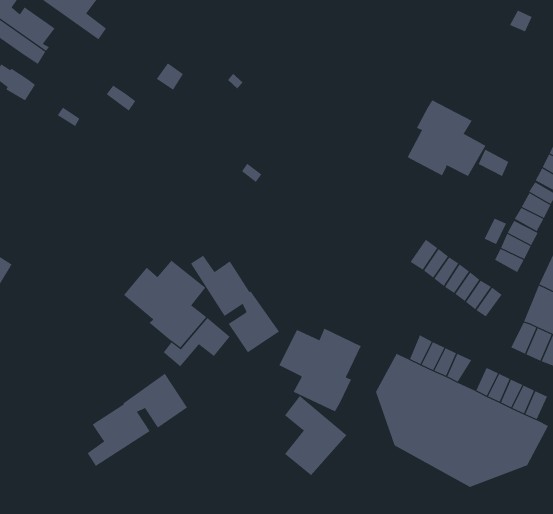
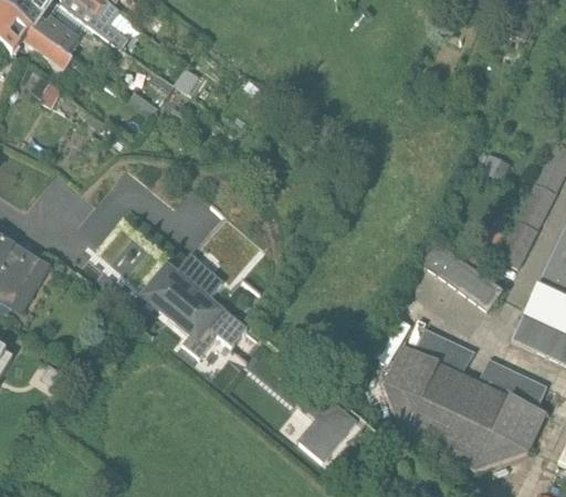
building: [407,99,486,177] -> none
building: [190,255,280,353] -> none
building: [278,328,361,412] -> none
building: [87,373,188,467] -> none

